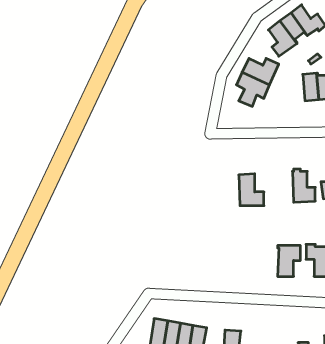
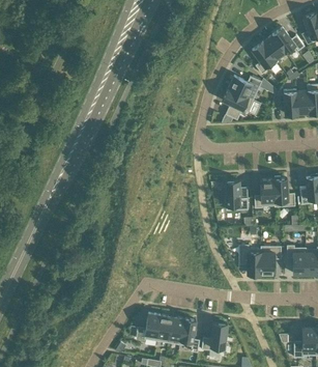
building: none -> [254,178,274,207]
building: none -> [238,245,261,274]

